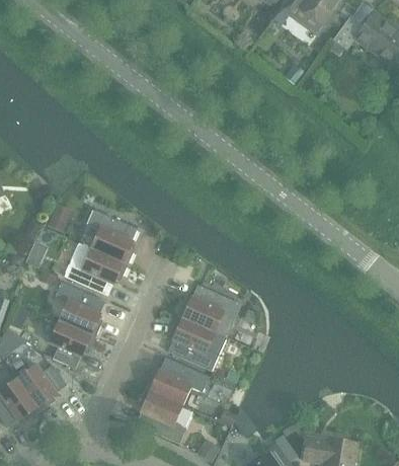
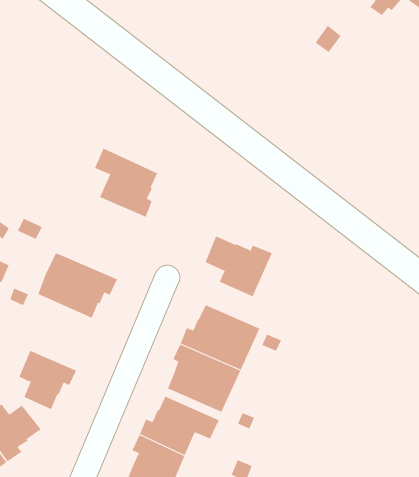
building: [86,208,137,263] -> [94,148,158,218]
building: none -> [205,236,273,297]
building: [54,281,104,336] -> none

